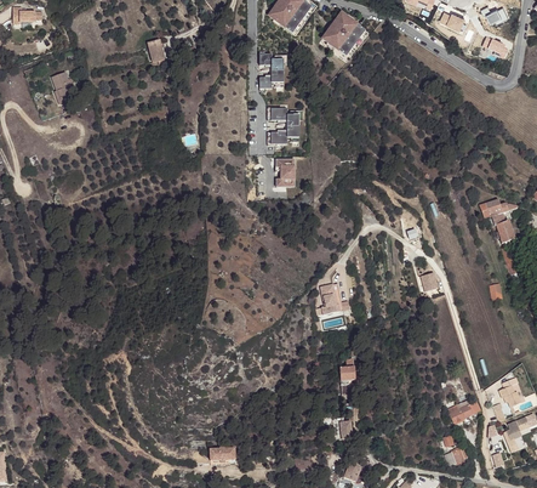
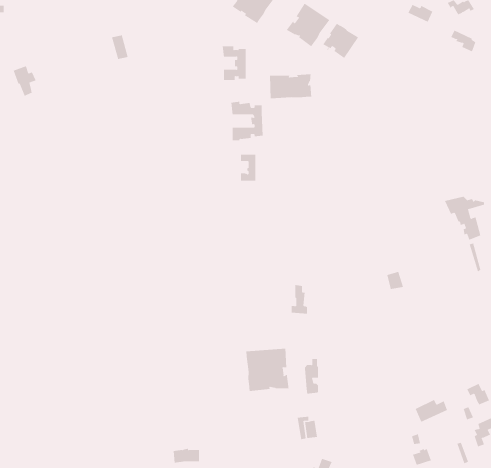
building: none -> [322,23,359,59]
building: none -> [269,74,312,99]
building: none -> [246,348,289,392]

